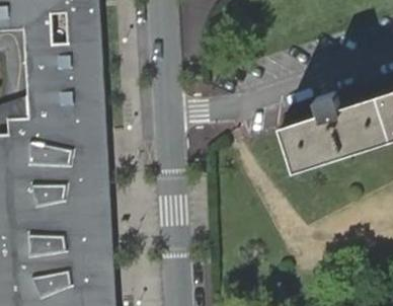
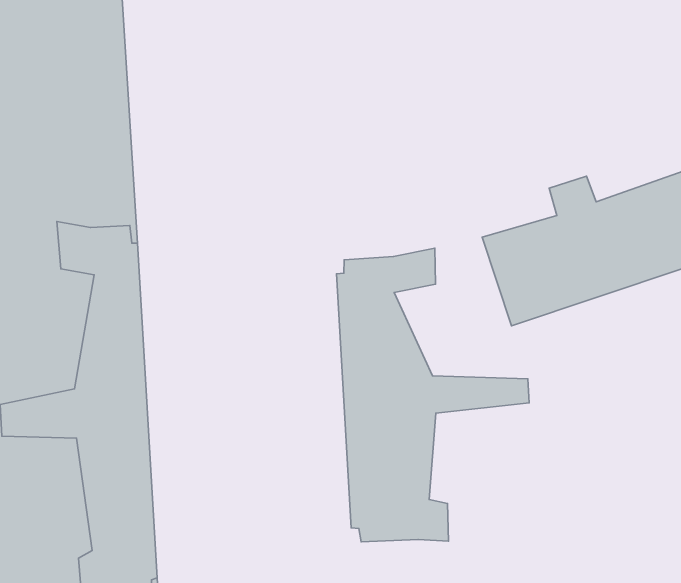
building: none -> [336,248,529,542]

